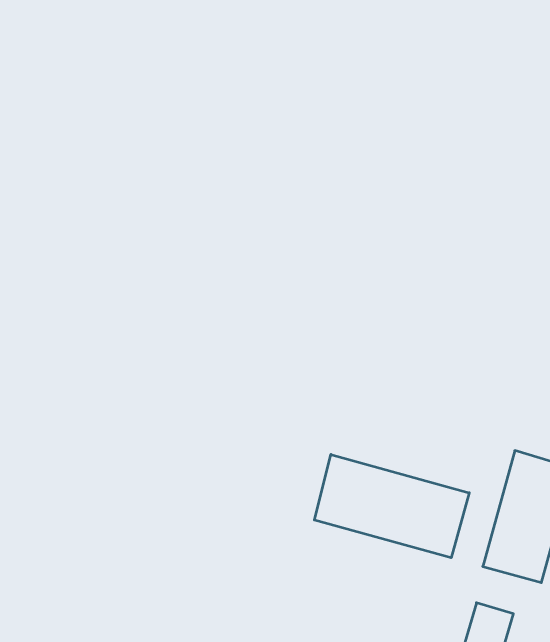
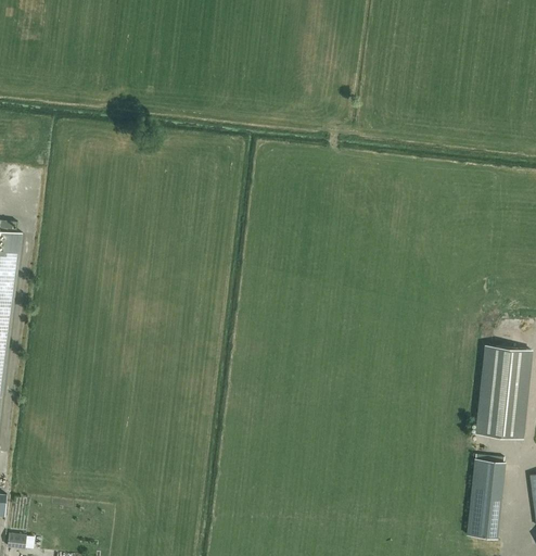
building: [314,454,469,558] -> none

